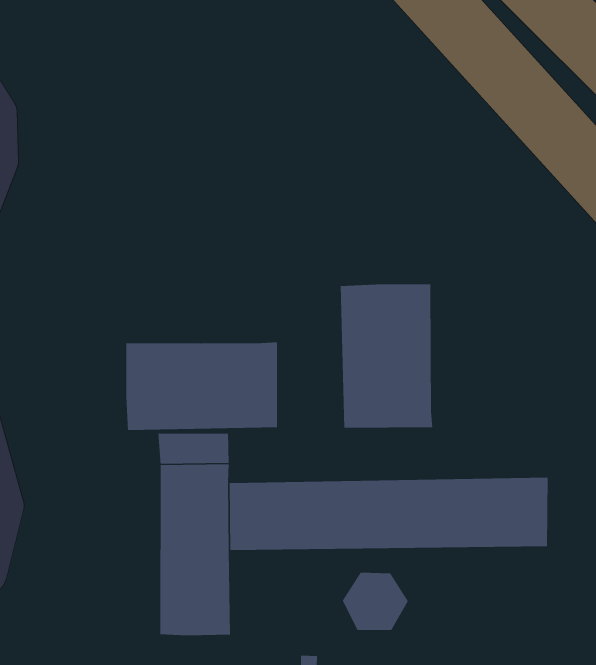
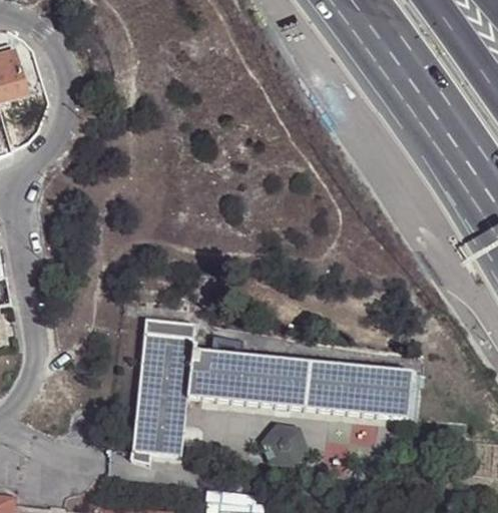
building: [340,284,433,429] -> none
building: [126,341,278,431] -> none

